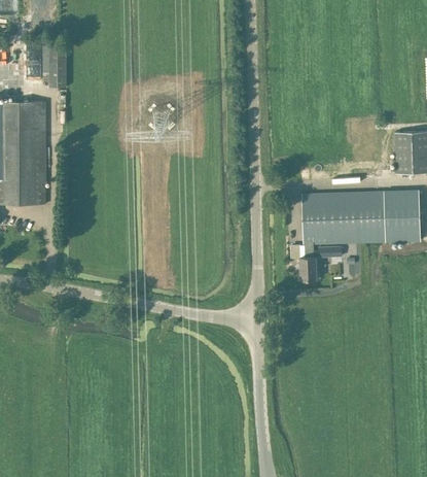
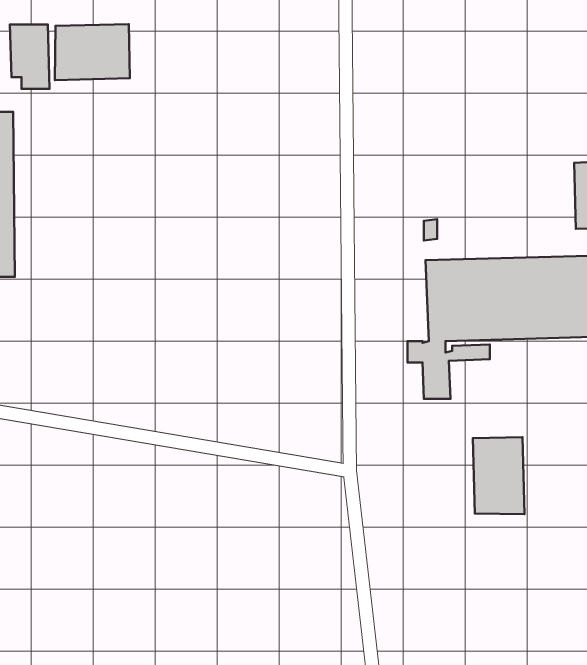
building: none -> [55,24,130,80]
building: none -> [473,437,525,514]

